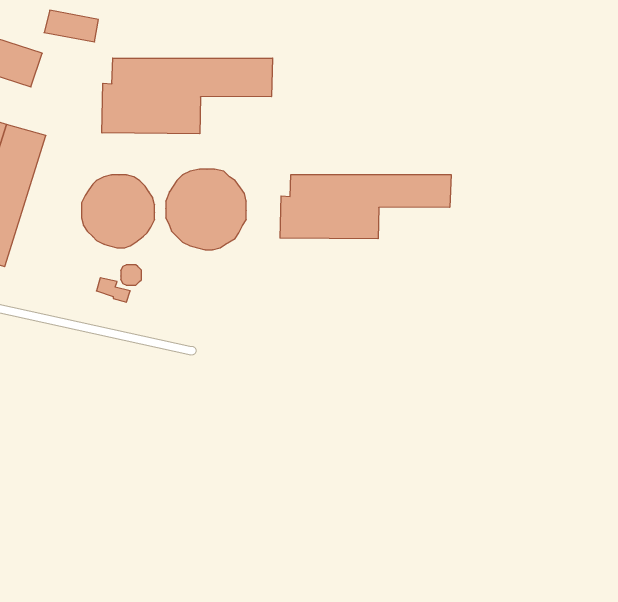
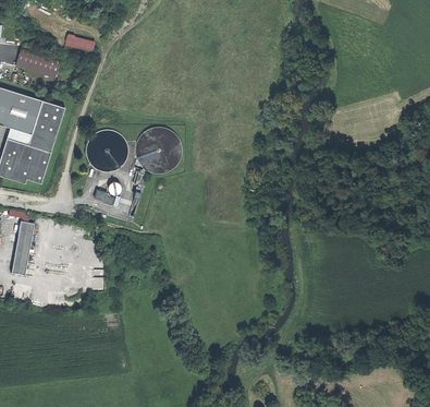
building: [102,58,273,134] -> none
building: [280,175,451,239] -> none

